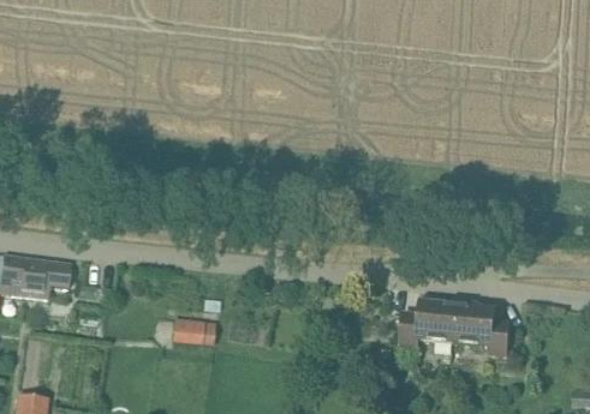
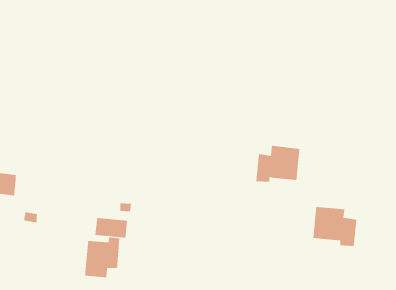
building: [400,298,458,346] -> [255,145,300,182]
building: none -> [84,236,120,278]

